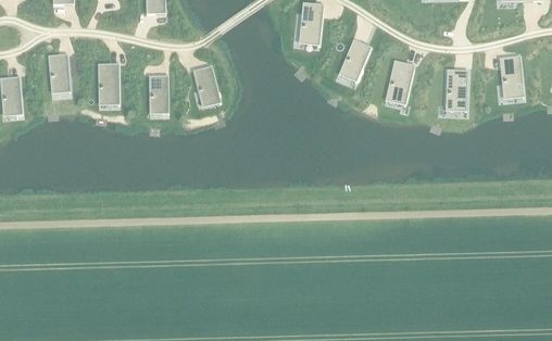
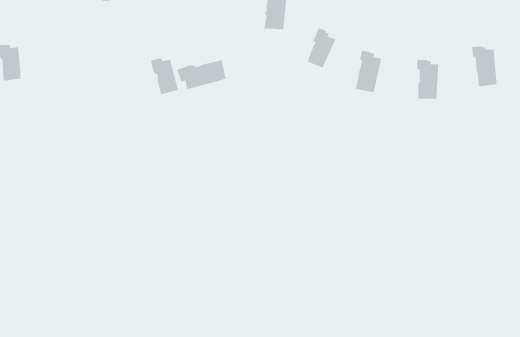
building: [97,64,118,101] -> none
building: none -> [176,59,226,90]
building: [148,76,168,110] -> none

